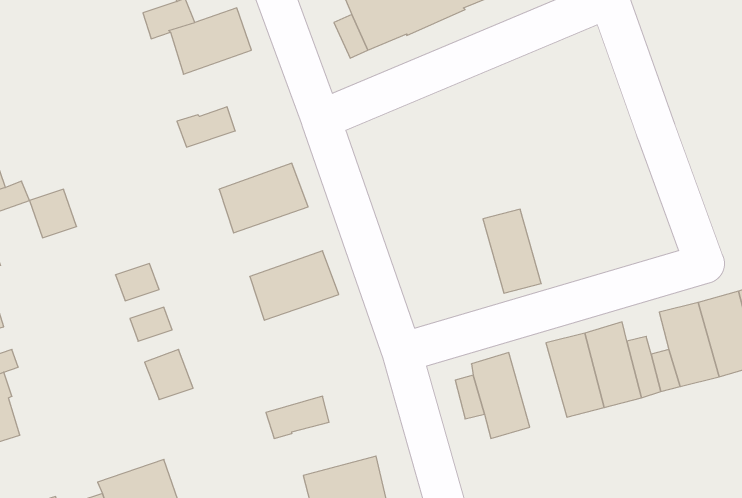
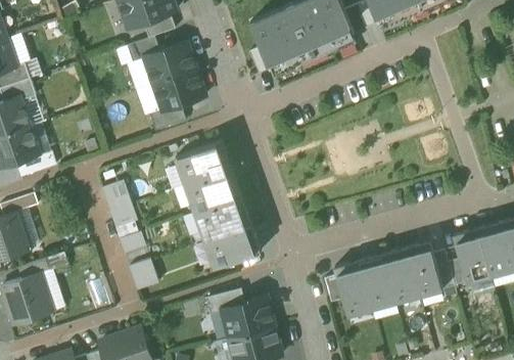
building: none -> [152,70,204,111]
building: [30,189,77,238] -> [101,181,131,212]
building: none -> [184,169,240,213]
building: [483,209,541,293] -> [358,255,394,308]
building: none -> [203,224,261,269]
building: none -> [221,297,274,339]

